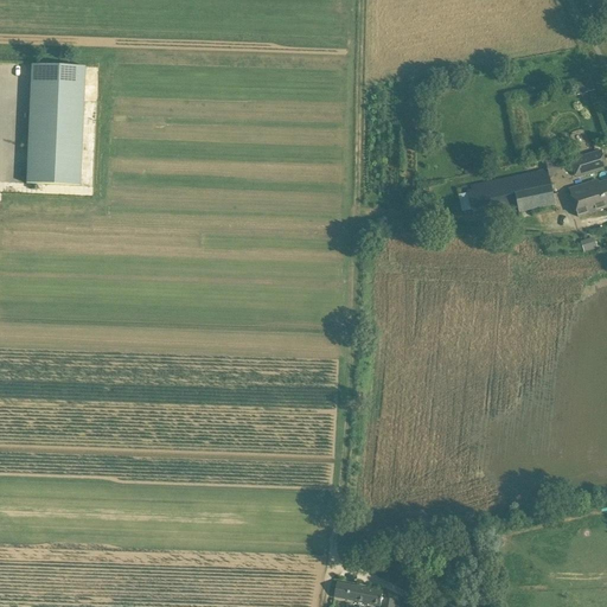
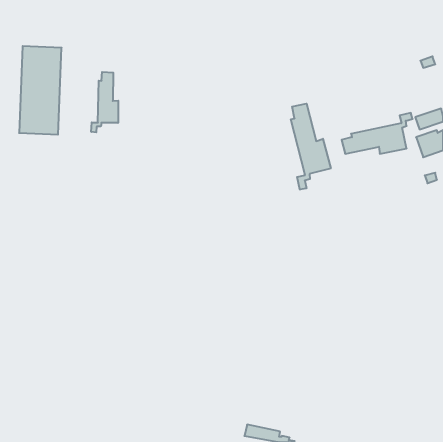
building: none -> [91,72,118,132]
building: none -> [291,104,331,190]

